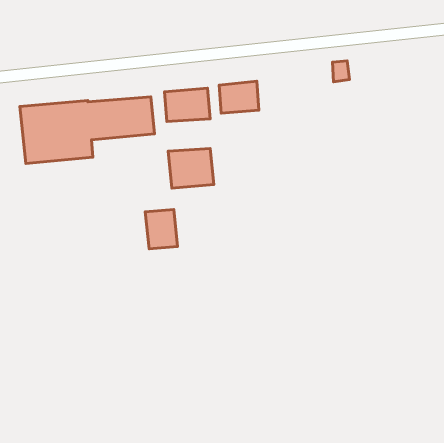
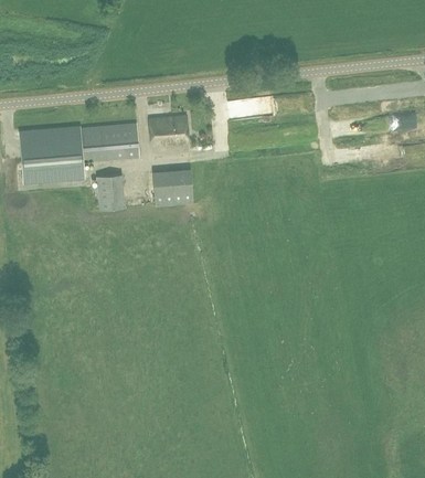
building: [219,81,259,113] -> none
building: [145,209,177,249] -> [96,173,125,209]

